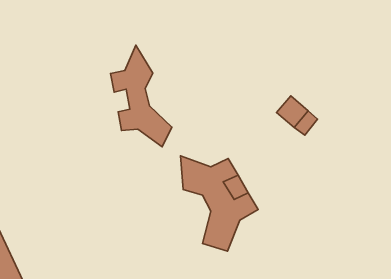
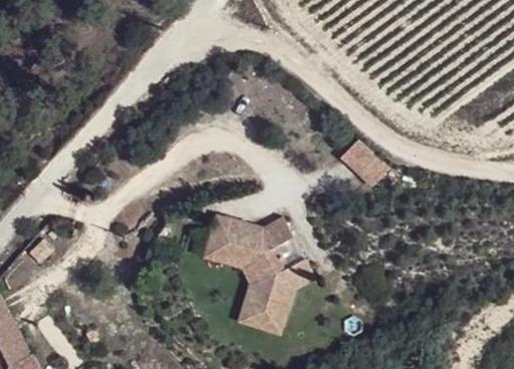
building: [111,45,172,147] -> none
building: none -> [201,211,280,338]

